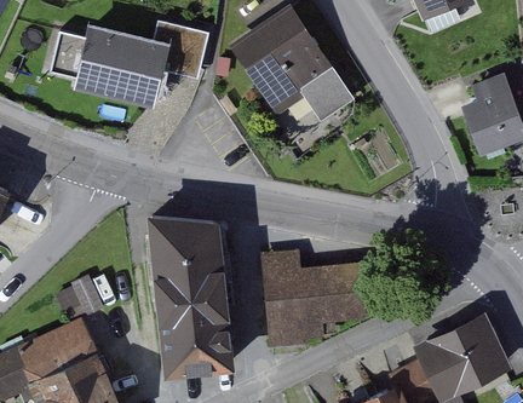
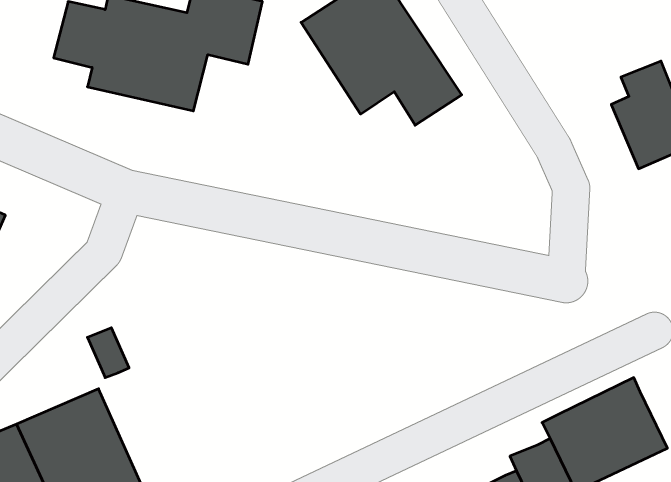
building: [146,214,229,372] -> none
building: [258,248,363,344] -> none

